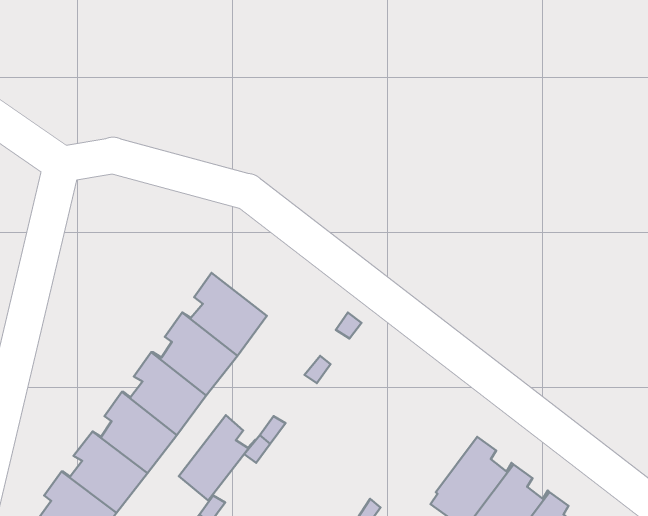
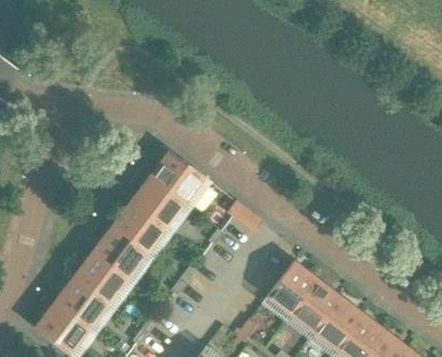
building: none -> [149,153,207,205]
building: [179,415,255,501] -> none
building: none -> [265,266,317,318]

